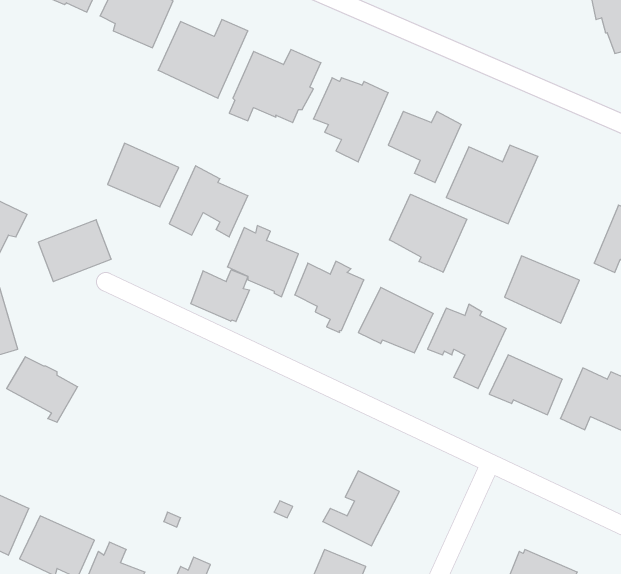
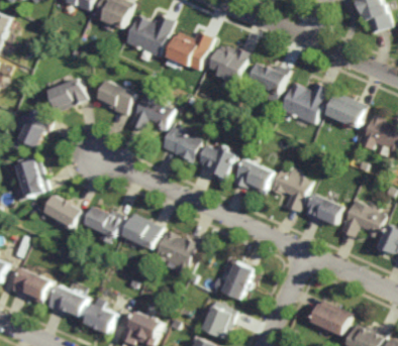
building: [389,194,467,272] -> none
building: [38,220,111,282] -> [46,79,86,112]
building: [505,256,579,323] -> [325,93,366,129]
building: [191,270,249,322] -> none
building: none -> [83,207,123,244]
building: none -> [120,214,161,247]
building: none -> [154,232,196,272]

